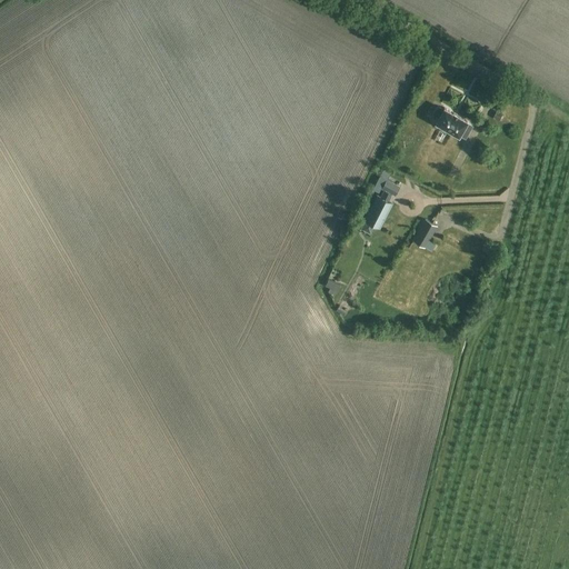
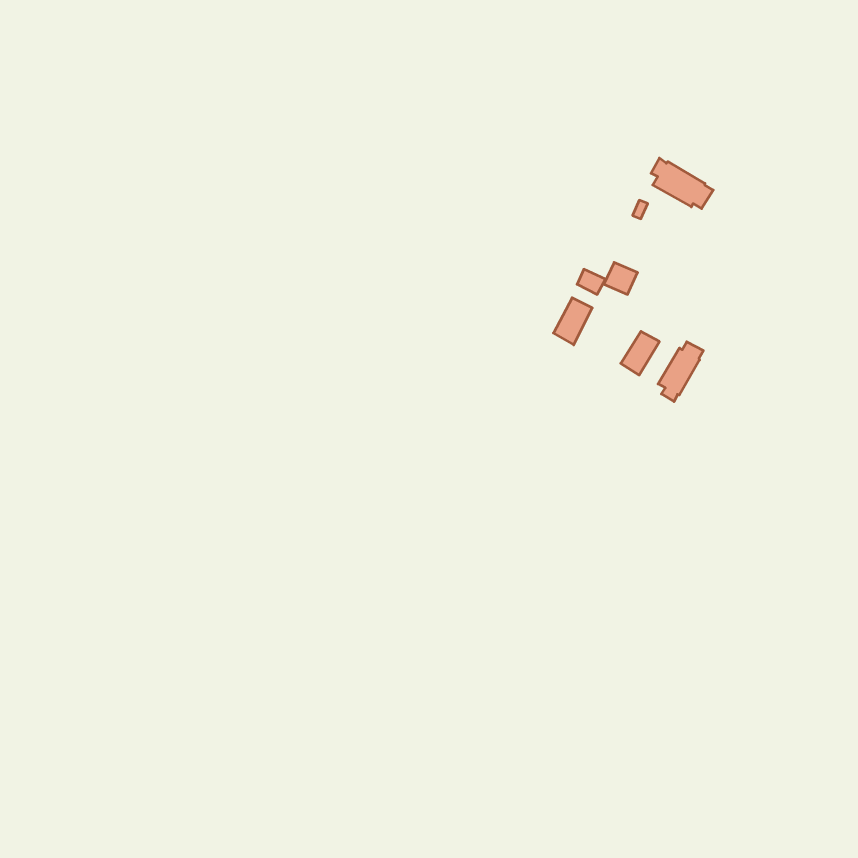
building: none -> [658,342,703,402]

